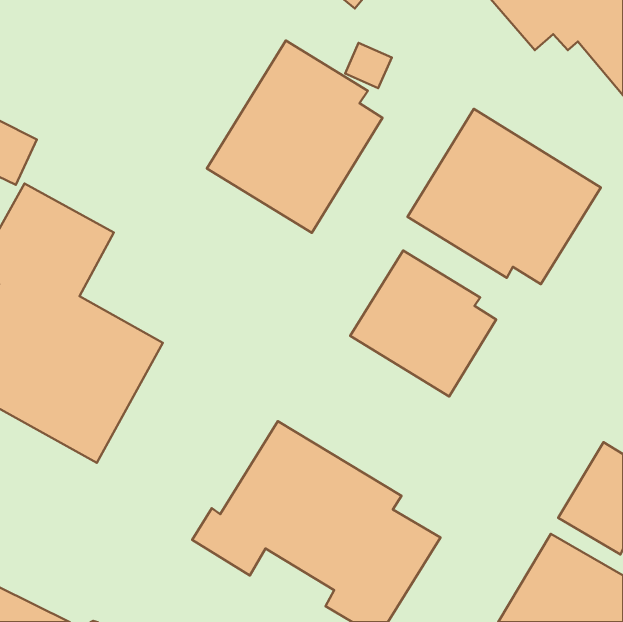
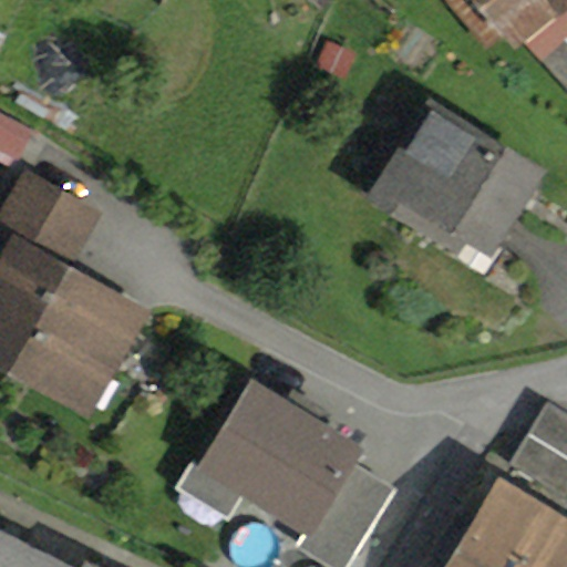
building: [207,41,383,233] -> none
building: [350,250,496,397] -> none

